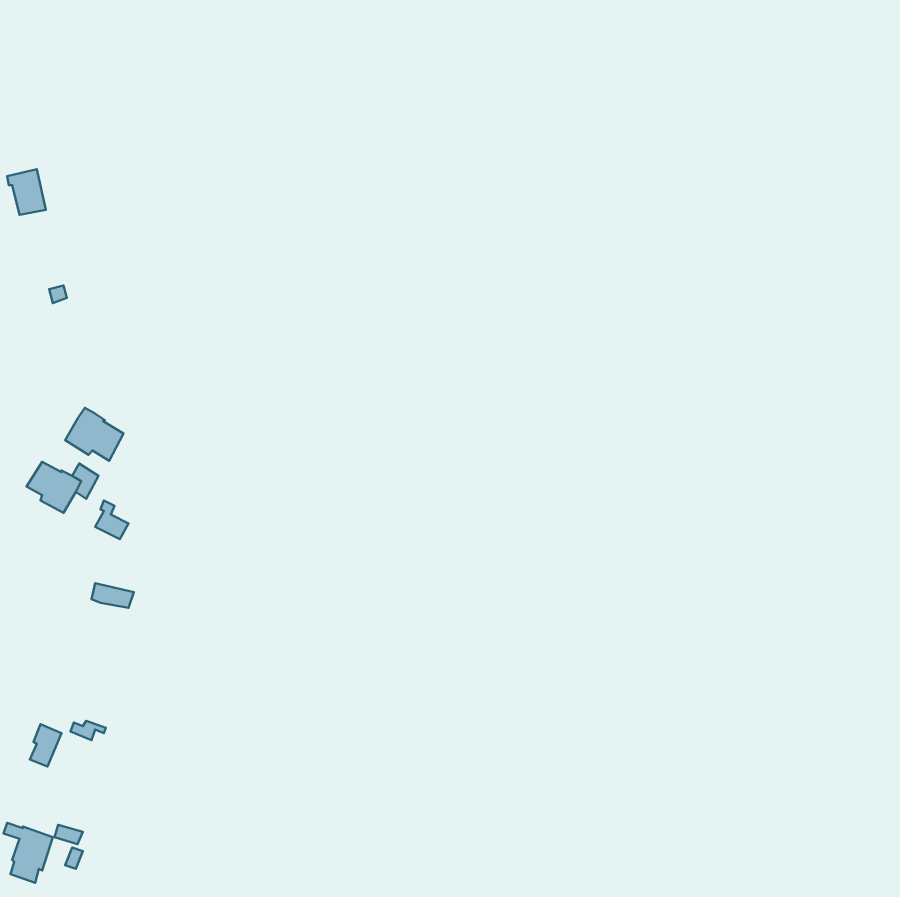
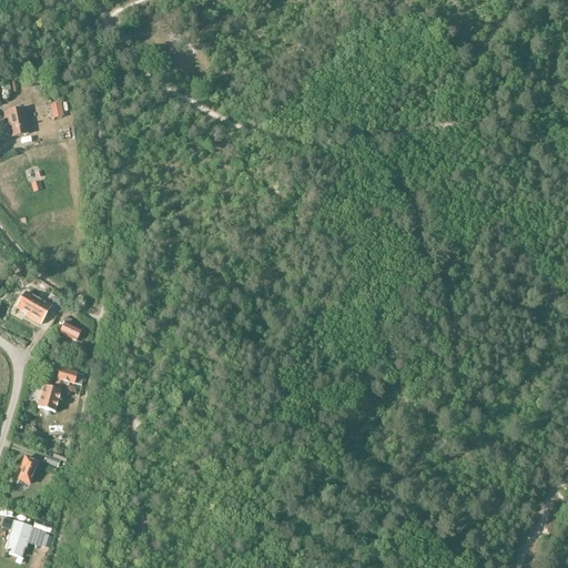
building: [65,408,123,461] -> none
building: none -> [38,377,63,412]

